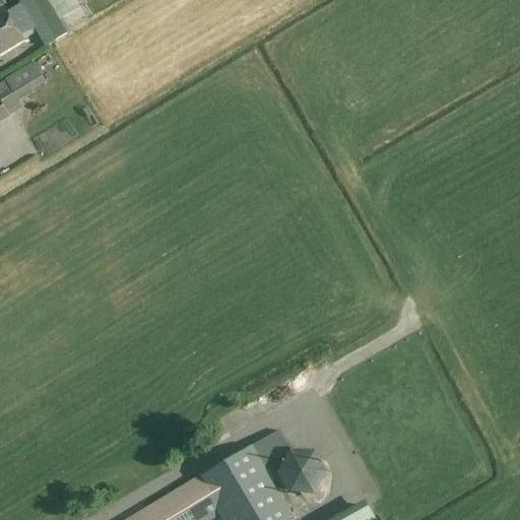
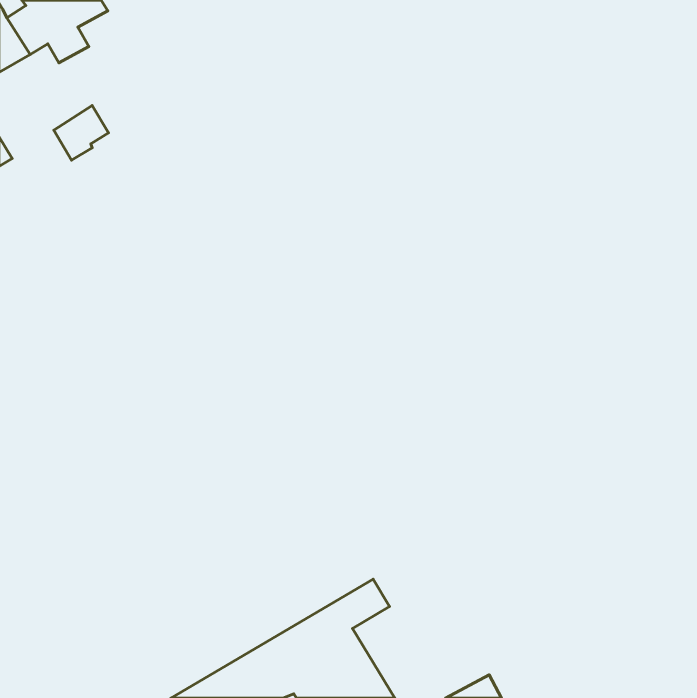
building: [4,62,45,103] -> [54,106,109,160]
building: [277,453,327,496] -> none

